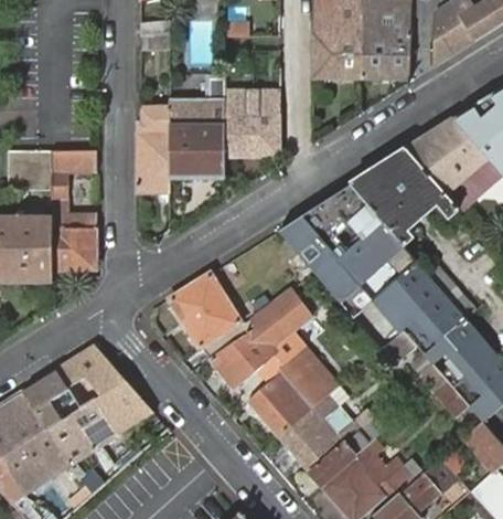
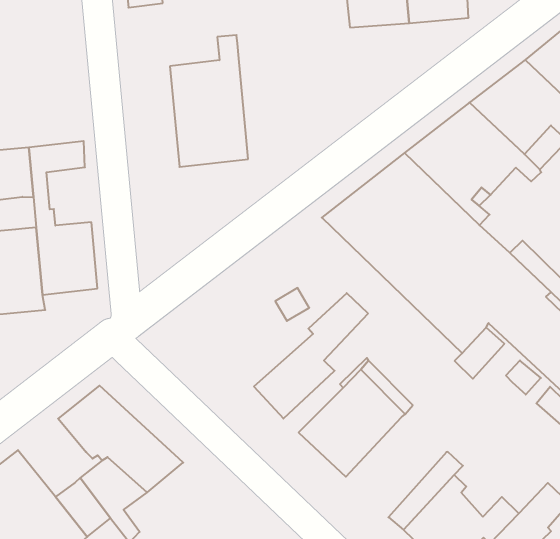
building: [226,84,281,159] -> none
building: [138,108,171,194] -> none
building: [168,272,295,358] -> none
building: [22,369,76,431] -> none
building: [280,393,362,472] -> none

